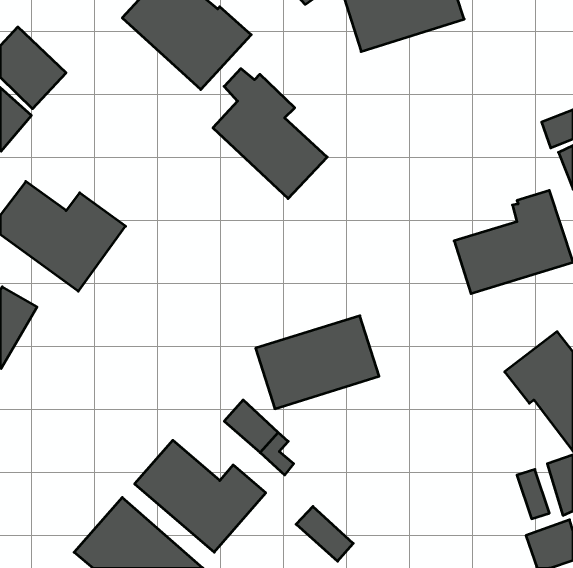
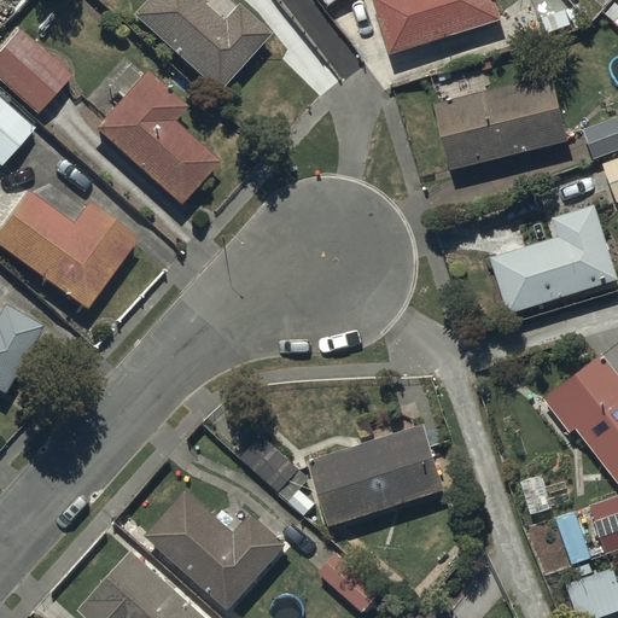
building: [213,69,327,199] -> [95,69,218,209]
building: none -> [435,77,567,173]
building: [256,316,379,409] -> [311,410,444,511]

